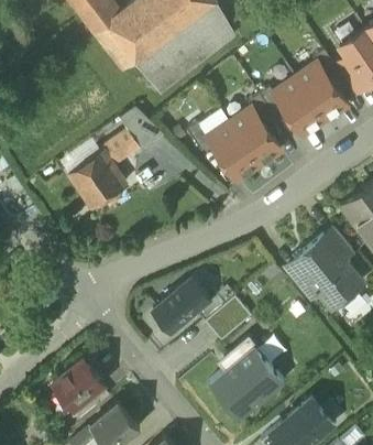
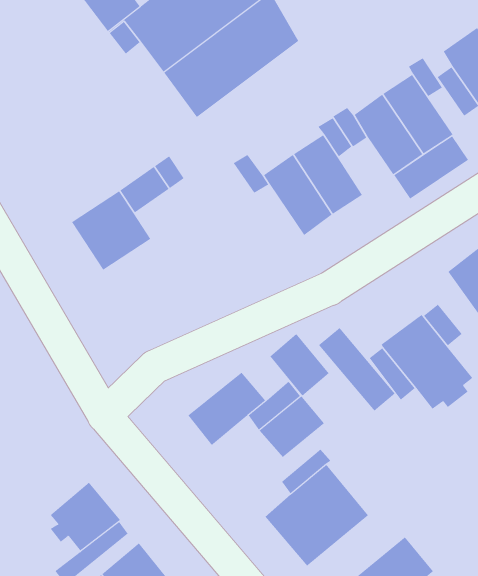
building: none -> [394,135,469,200]
building: none -> [318,327,396,411]
building: none -> [269,333,329,396]

